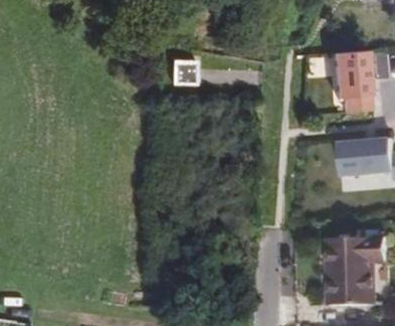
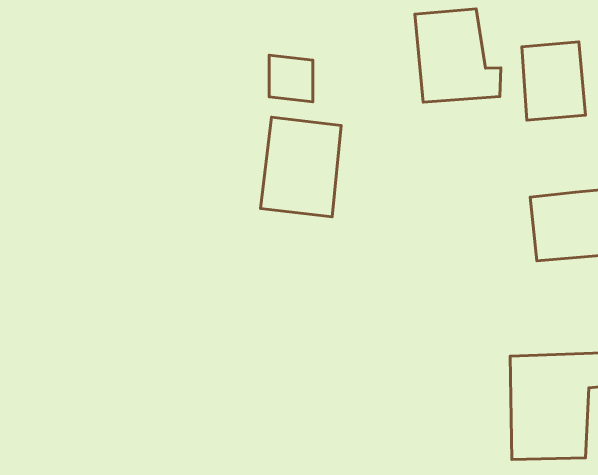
building: none -> [415,9,501,102]
building: none -> [260,117,341,217]

